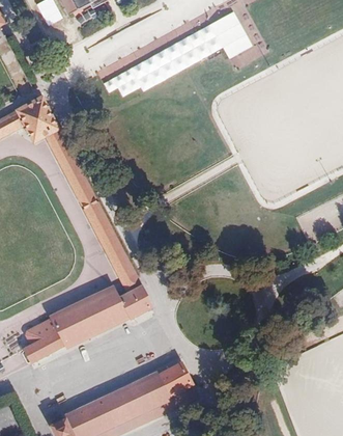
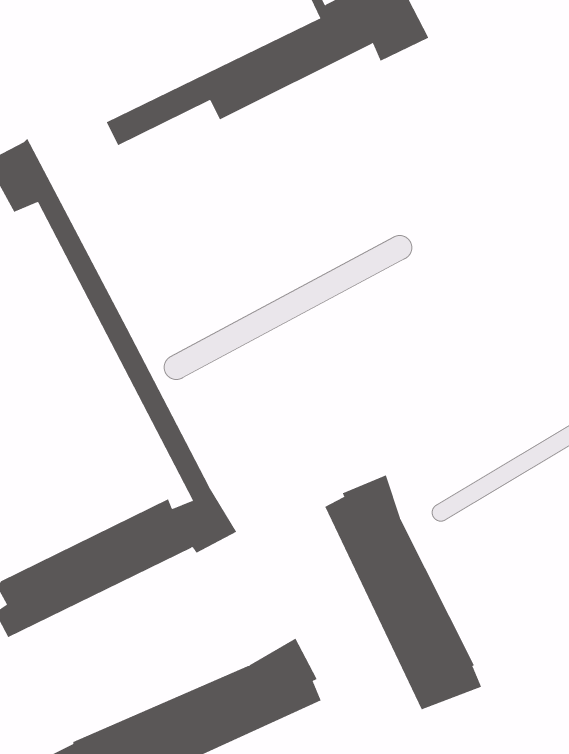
building: none -> [324,475,482,710]

